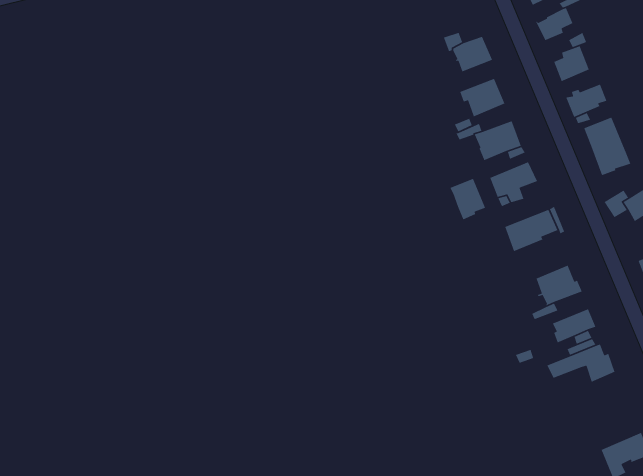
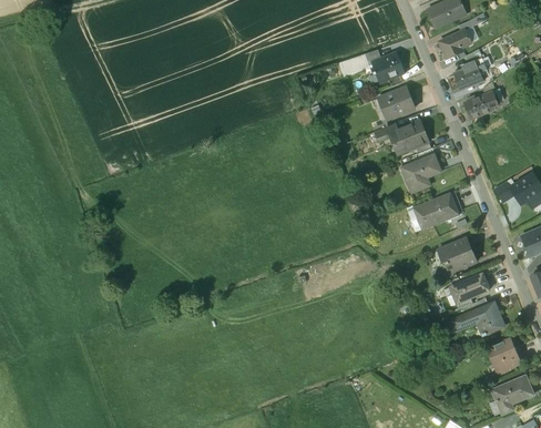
building: [583,116,631,176] -> none
building: [449,178,486,220] -> none
building: none -> [487,339,520,373]

